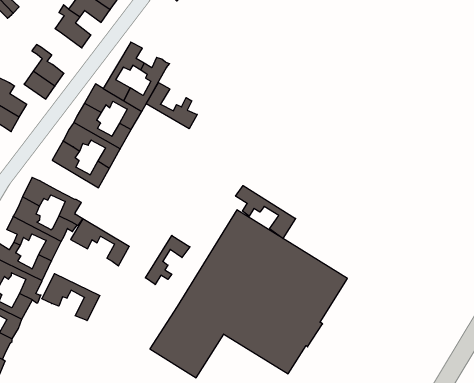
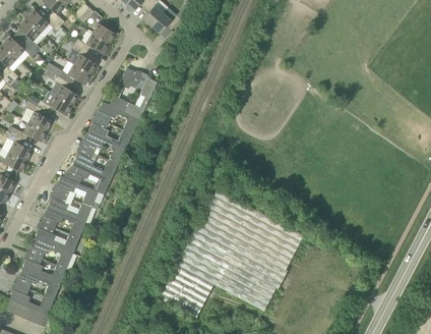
building: none -> [45,60,89,85]
building: [146,82,197,129] -> none
building: [236,186,296,239] -> none
building: [71,219,129,266] -> [65,161,110,194]
building: [145,235,190,285] -> none
building: [42,274,100,321] -> none

